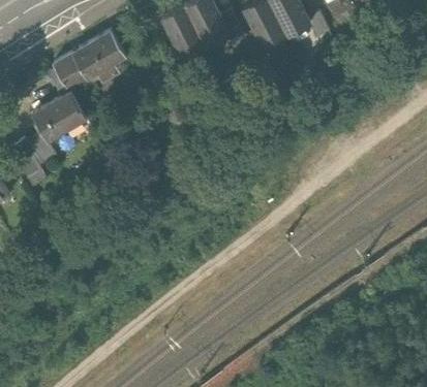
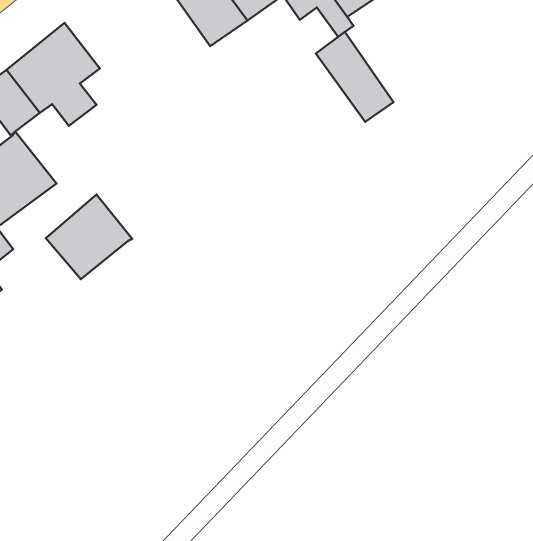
building: none -> [316,32,394,122]
building: none -> [46,194,132,279]

